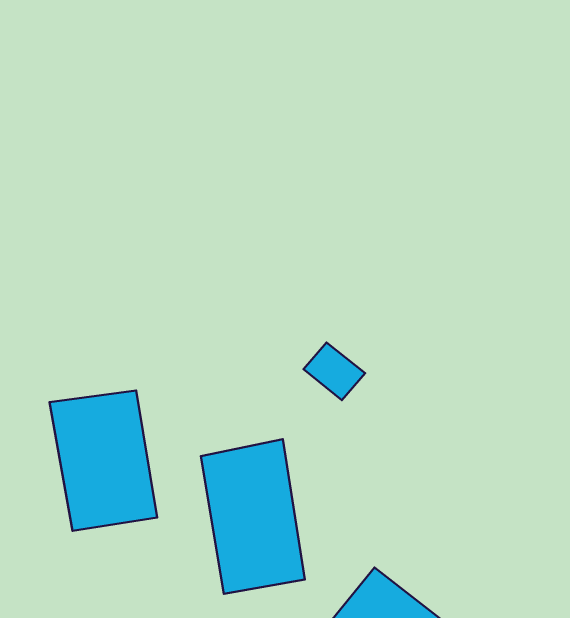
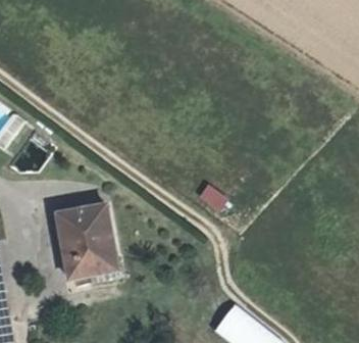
building: [201,439,305,594] -> none

